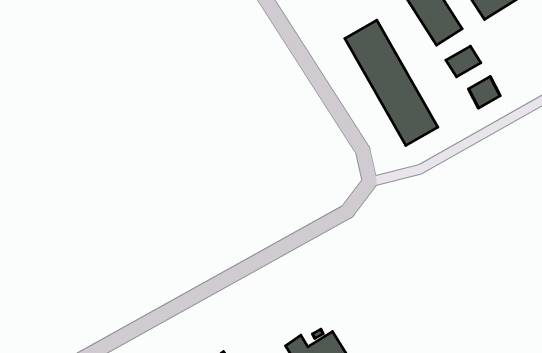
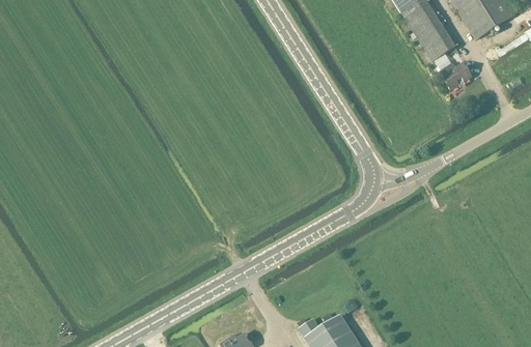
building: [345,20,438,145] -> none
building: [468,76,500,108] -> none

